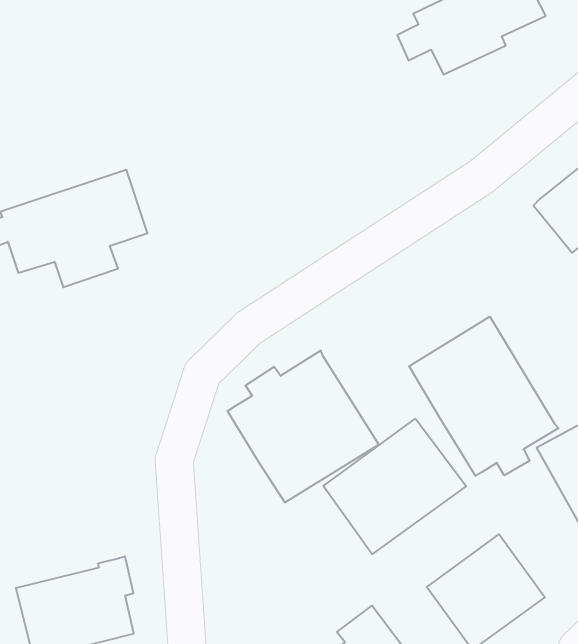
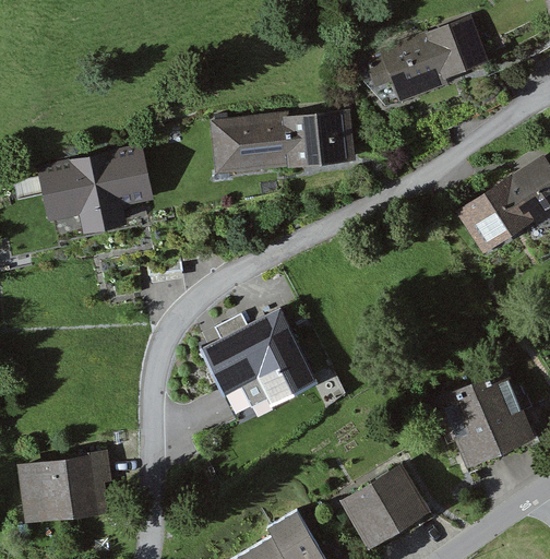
building: none -> [212,110,354,171]
building: [409,317,559,476] -> none
building: [323,419,466,554] -> none

